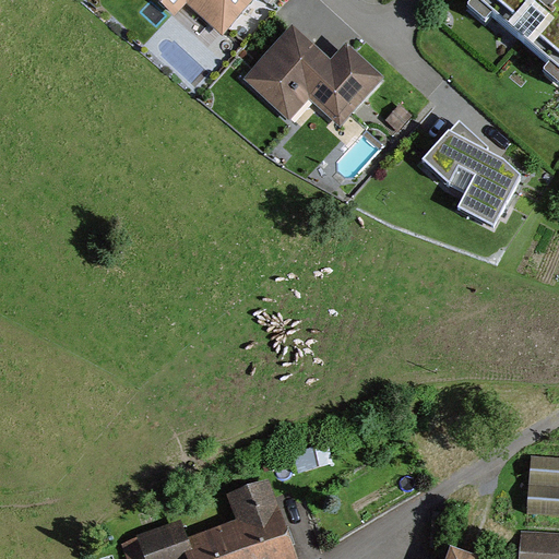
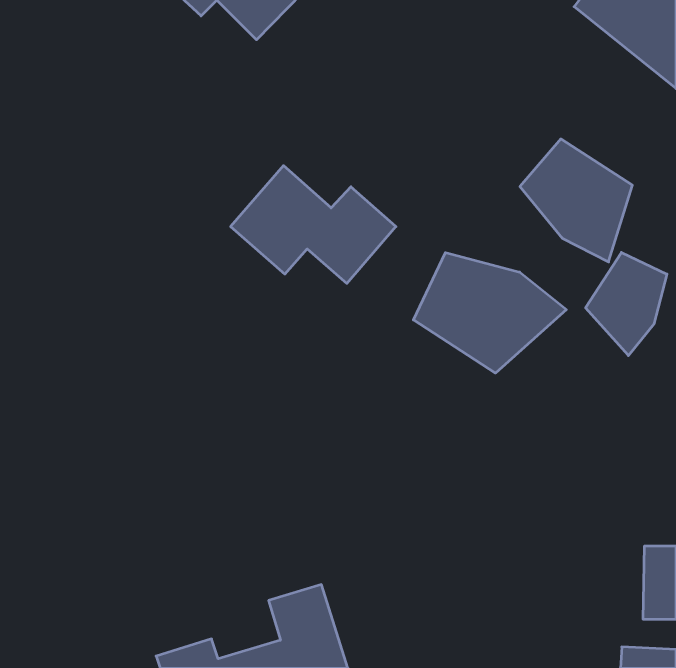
building: [245,32,381,129] -> [231,166,396,283]
building: none -> [586,252,667,356]
building: none -> [413,253,566,373]

